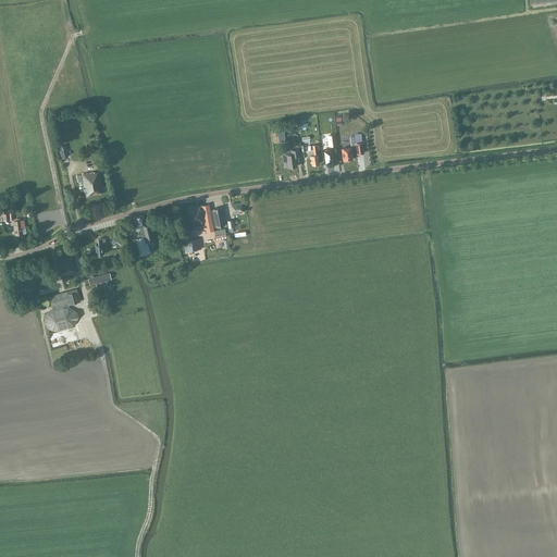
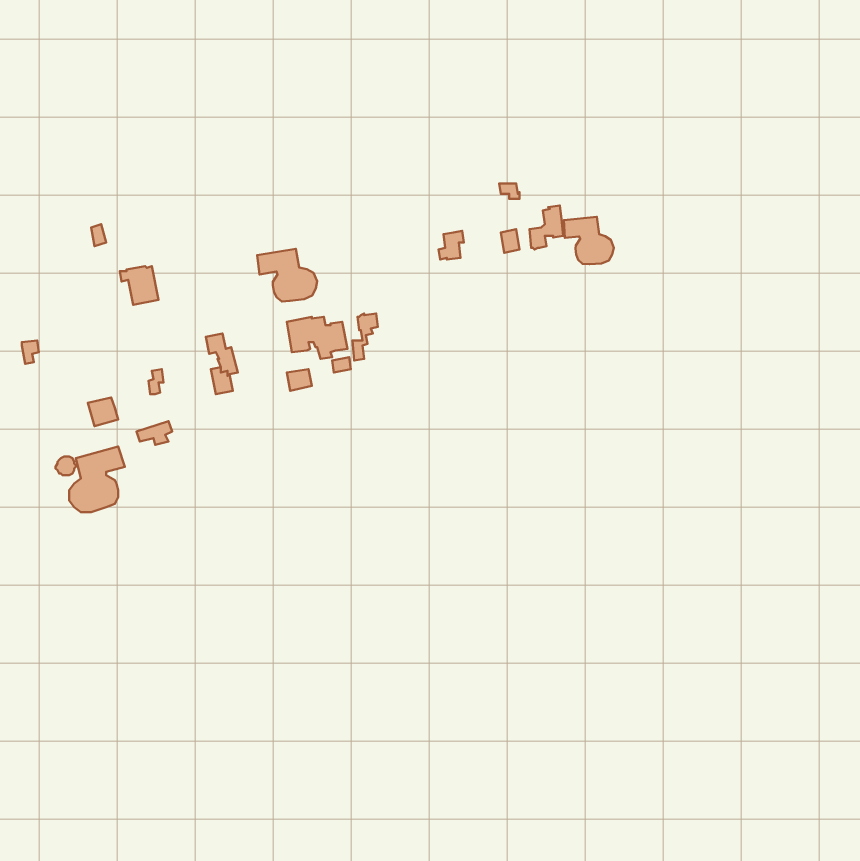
building: none -> [564,217,614,264]
building: none -> [257,249,317,301]

